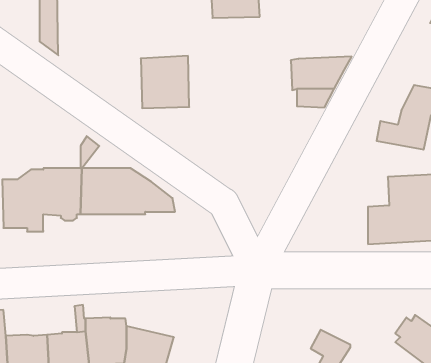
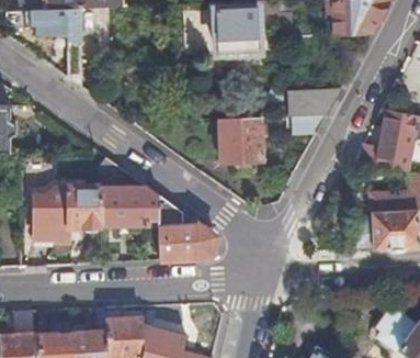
building: [141,56,189,108] -> [219,115,262,161]
building: none -> [158,222,215,258]

